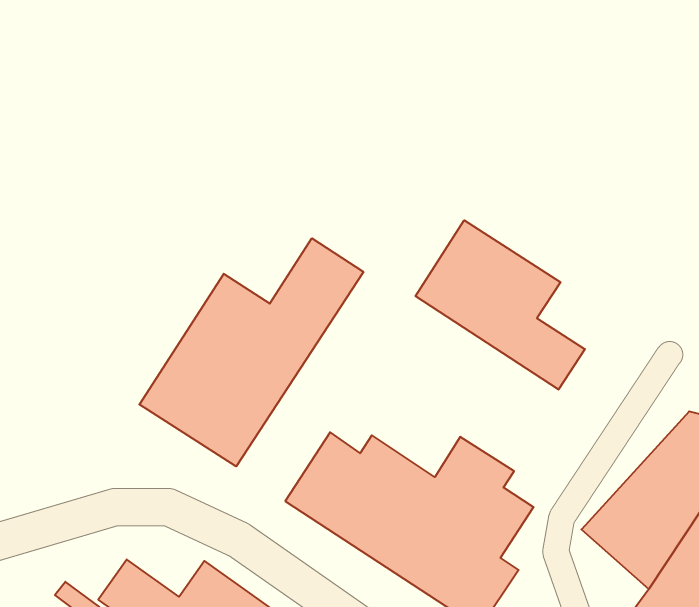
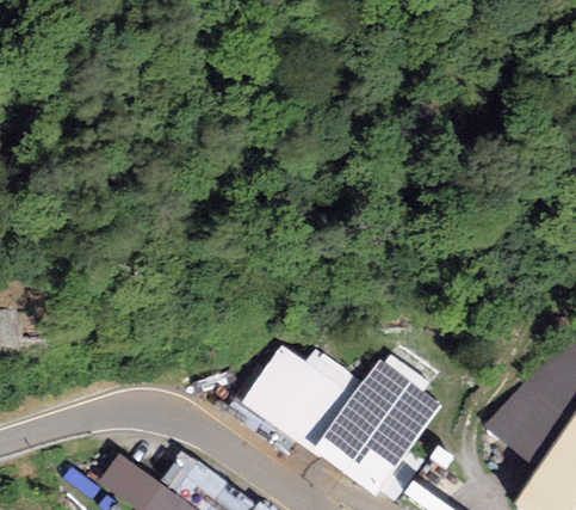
building: [416,220,585,390] -> none
building: [139,238,363,466] -> none

